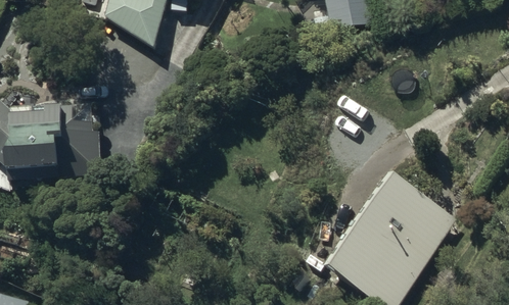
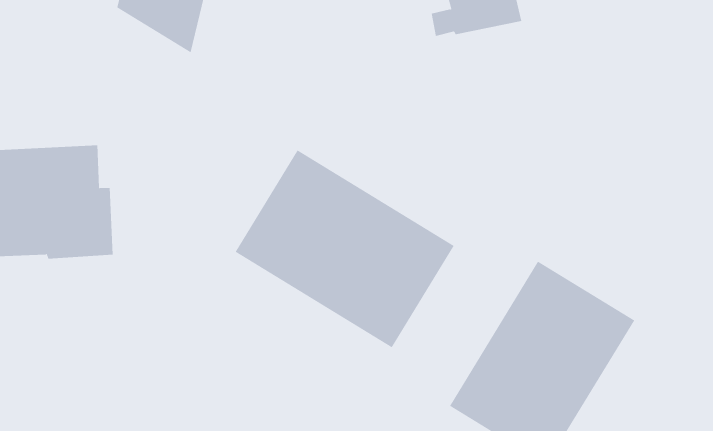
building: none -> [235,150,455,348]

